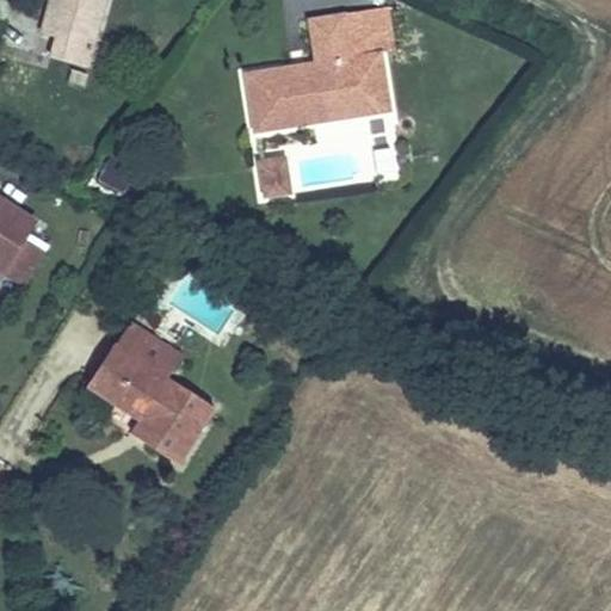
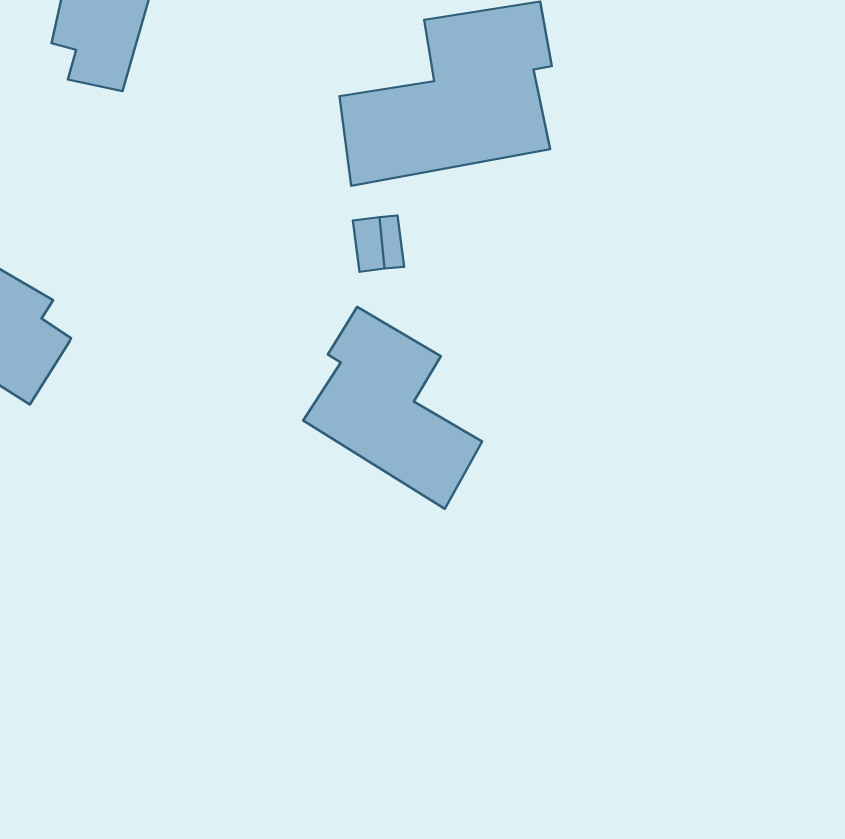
building: none -> [303,307,482,509]
building: [86,320,211,469] -> none

